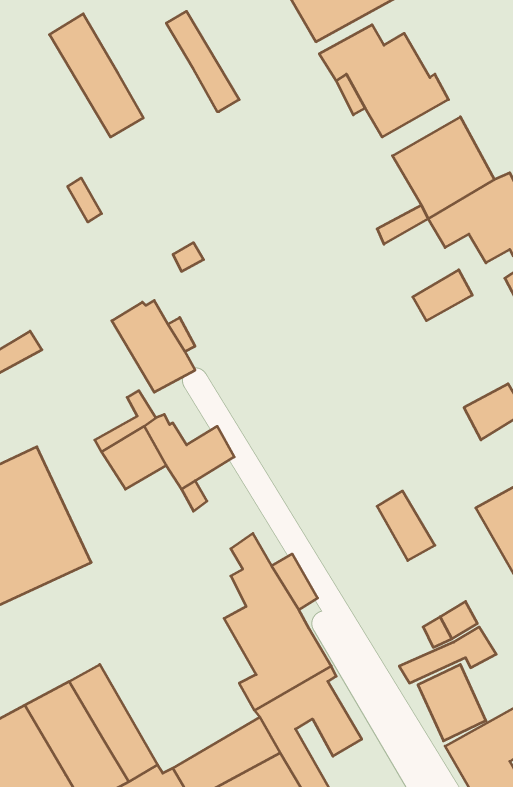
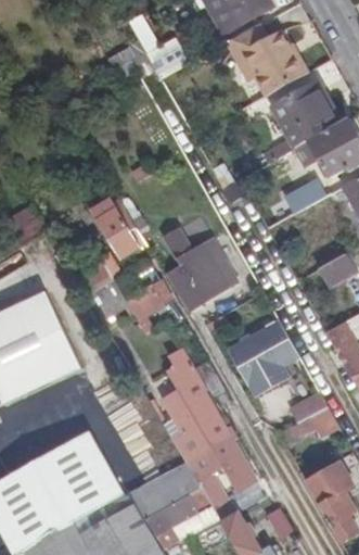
building: [49,14,143,137] -> none
building: none -> [164,229,228,311]
building: none -> [229,331,286,394]

